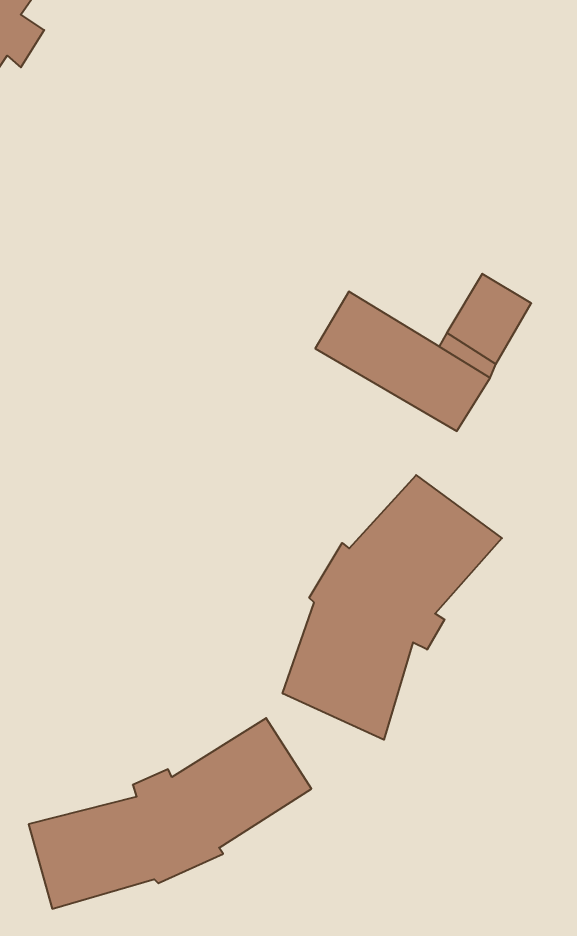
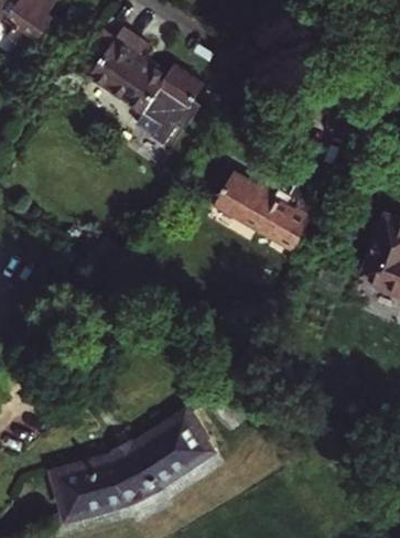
building: none -> [90,30,203,146]
building: [283,475,502,740] -> none

